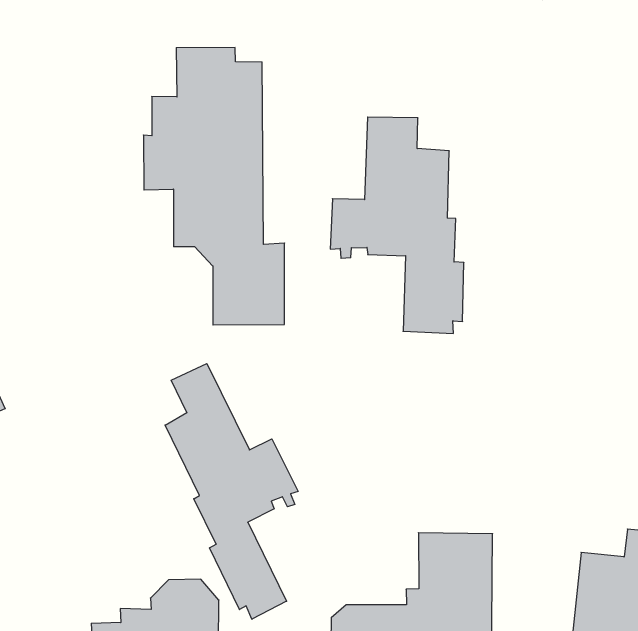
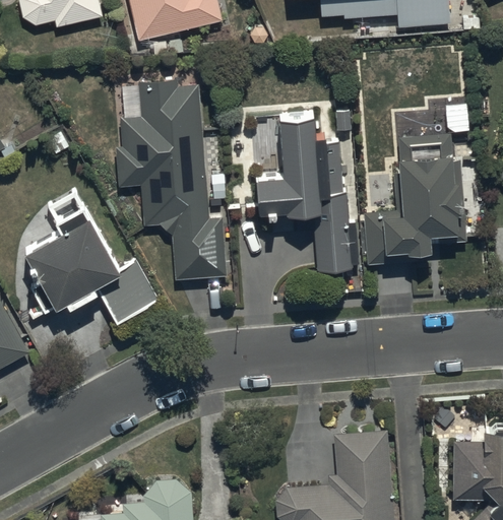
building: none -> [363,103,467,266]
building: none -> [27,189,165,322]
building: [165,364,298,619] -> none

